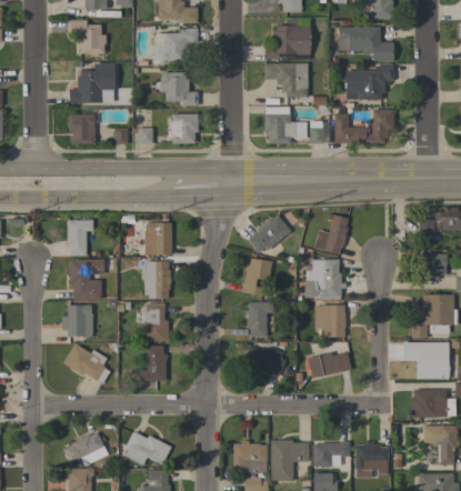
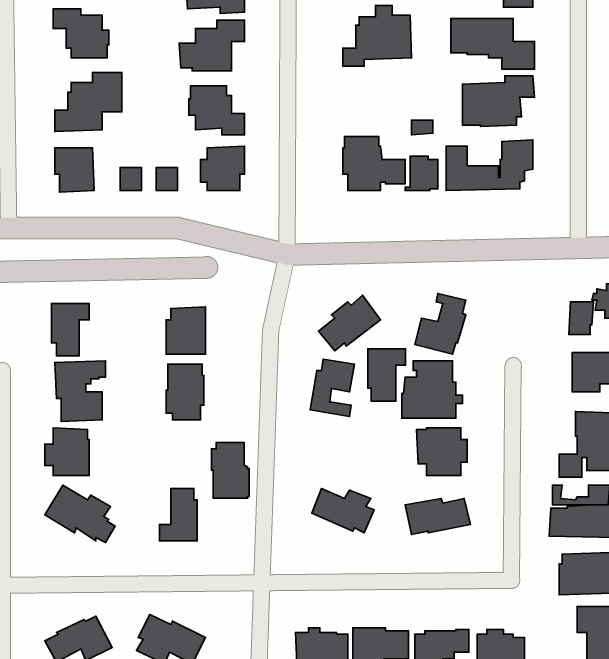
building: [264,63,308,97] -> none
building: [248,301,273,337] -> [368,349,406,401]
building: [142,303,168,341] -> [211,442,249,498]

